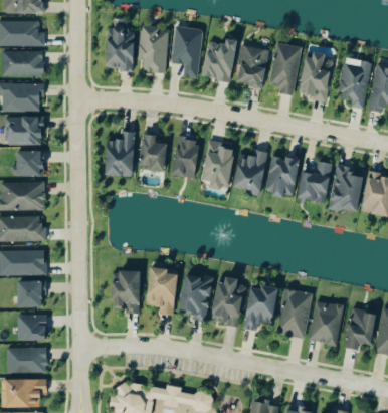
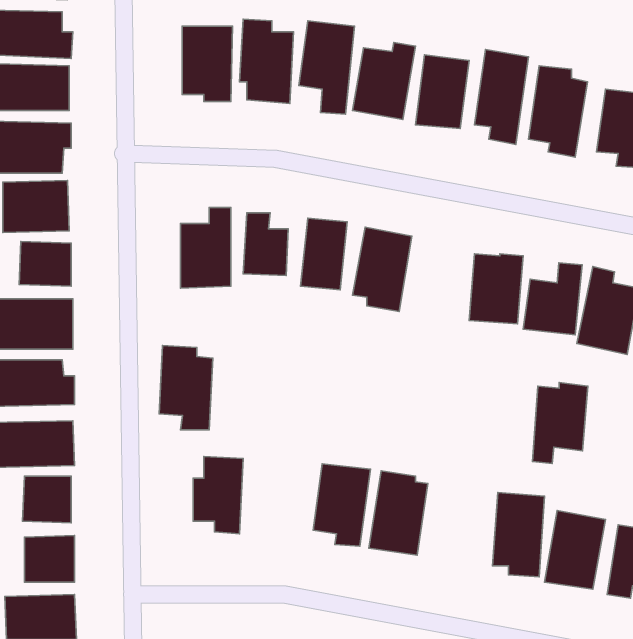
building: [232,149,267,196] -> none
building: [146,267,176,315] -> [159,346,213,430]
building: [244,285,275,331] -> [532,383,588,463]

